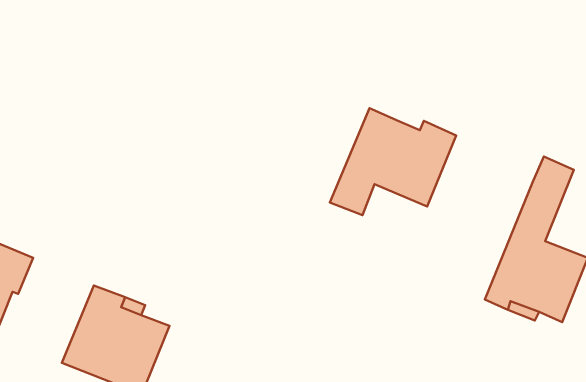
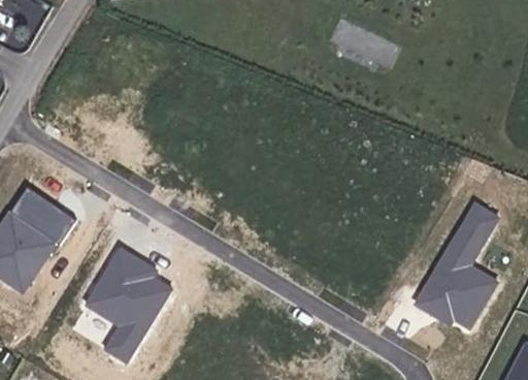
building: [330,108,456,215] -> none

